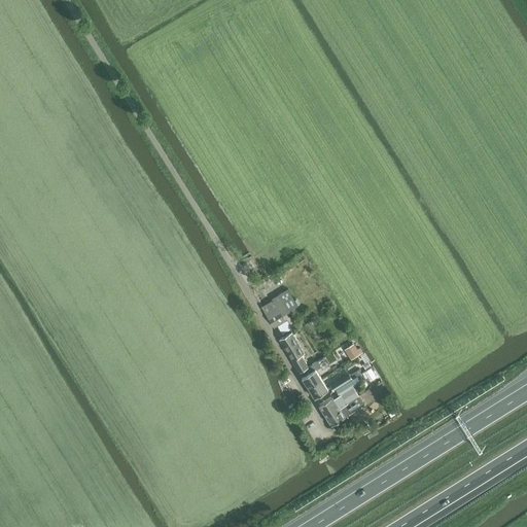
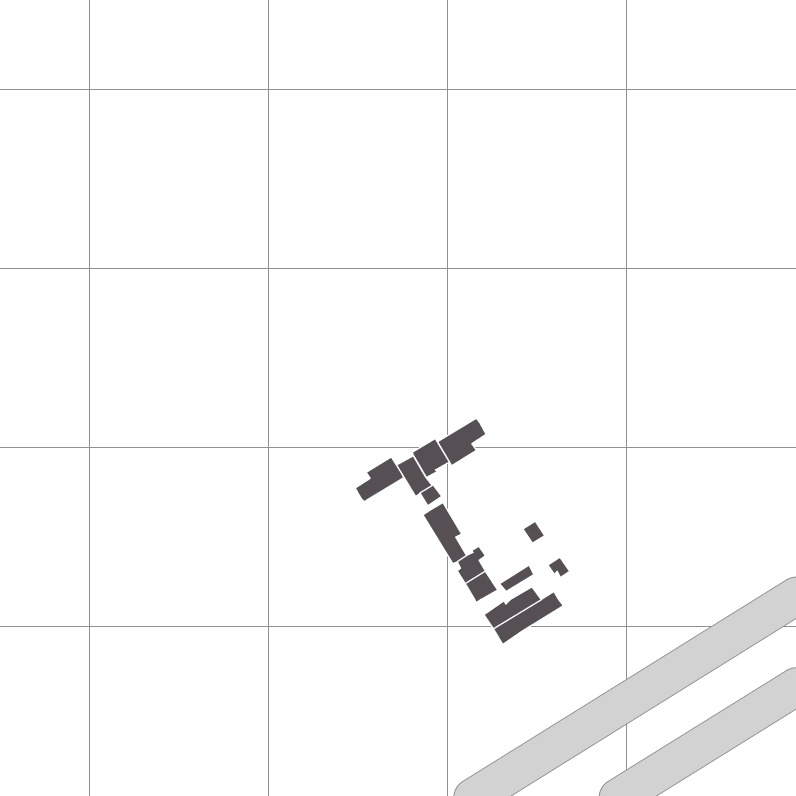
building: none -> [437,418,486,466]
building: none -> [355,457,404,502]

